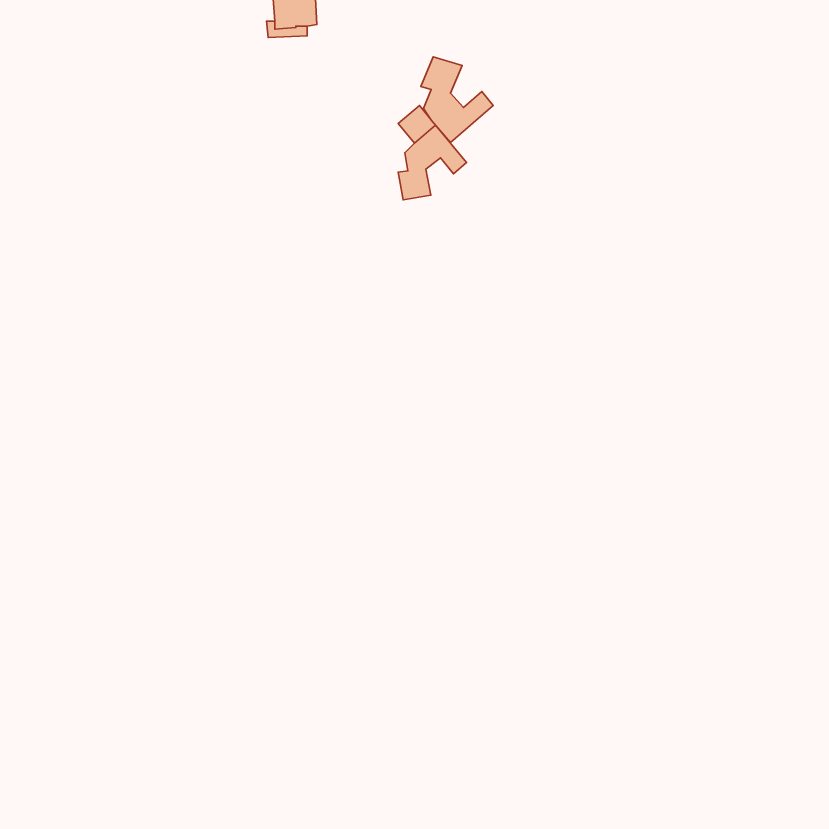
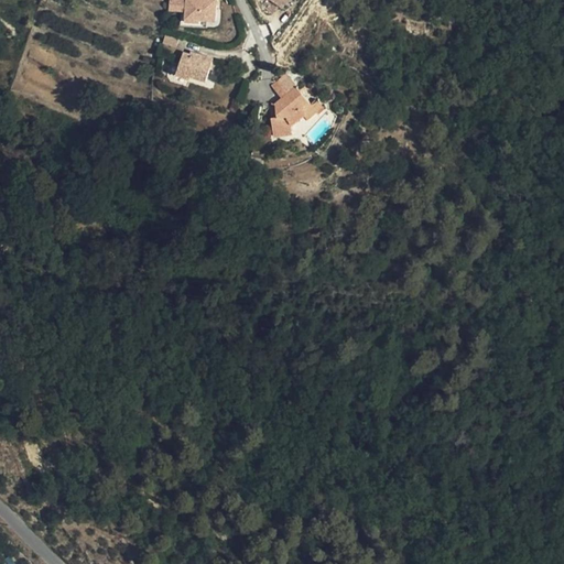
building: [421,57,493,143] -> none
building: none -> [175,56,213,84]

